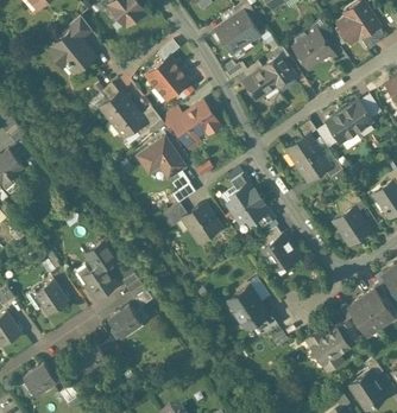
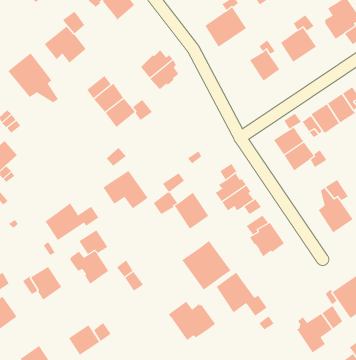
building: none -> [8,53,59,103]
building: [242,62,275,100] -> none
building: [172,103,218,142] -> none
building: [137,138,184,178] -> [103,170,148,209]
building: none -> [45,203,99,241]
building: none -> [182,240,231,290]
building: [108,304,141,336] -> none
building: none -> [168,301,216,341]

